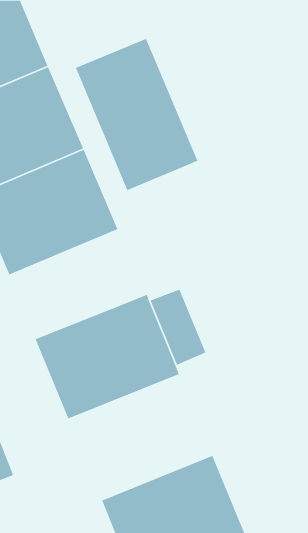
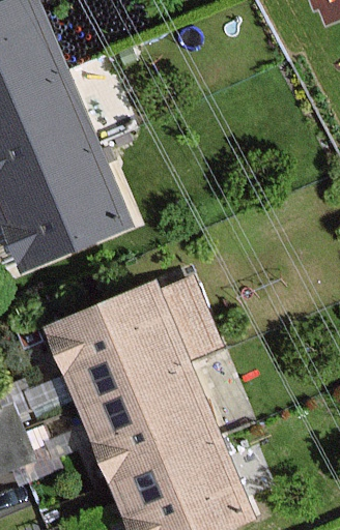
building: [75,38,199,191] -> none
building: none -> [80,361,220,482]

